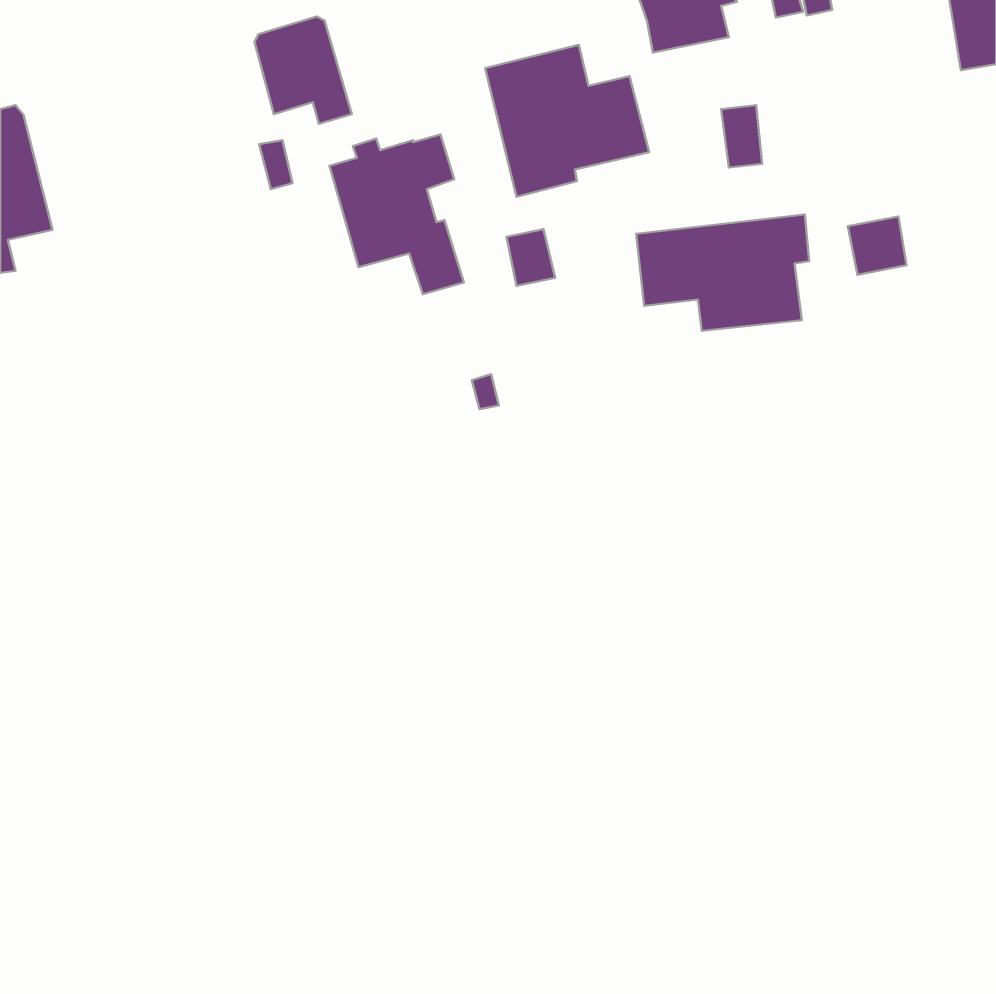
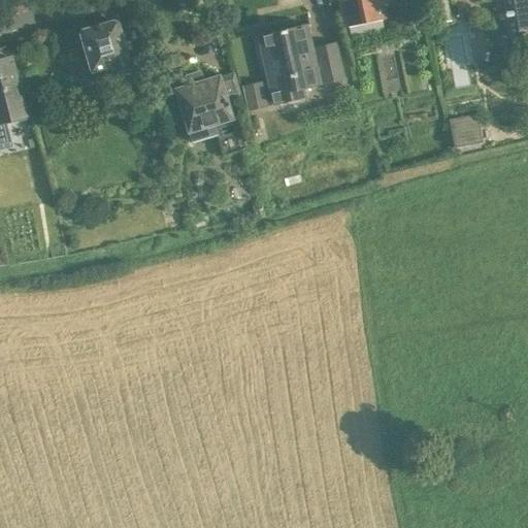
building: [254,17,352,124] -> [79,20,131,76]
building: [636,214,809,331] -> none
building: [507,229,555,286] -> [242,78,268,108]

